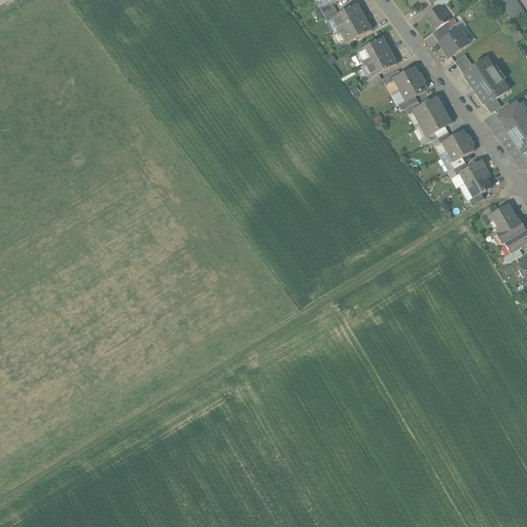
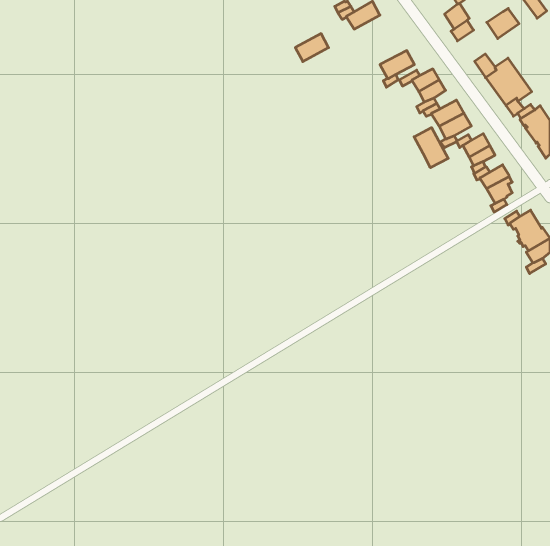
building: [339,14,371,41] -> [295,34,329,62]
building: [437,26,468,55] -> [487,8,519,39]
building: [357,35,389,62] -> none
building: none -> [414,128,448,168]

